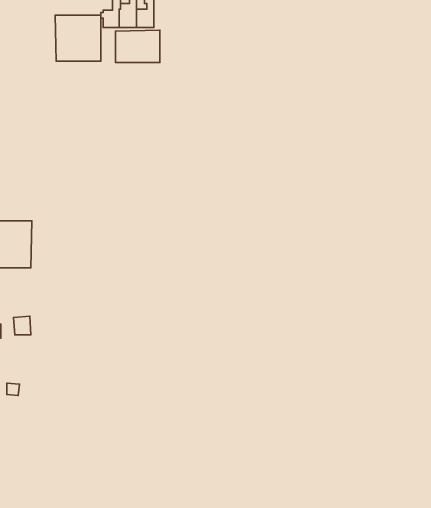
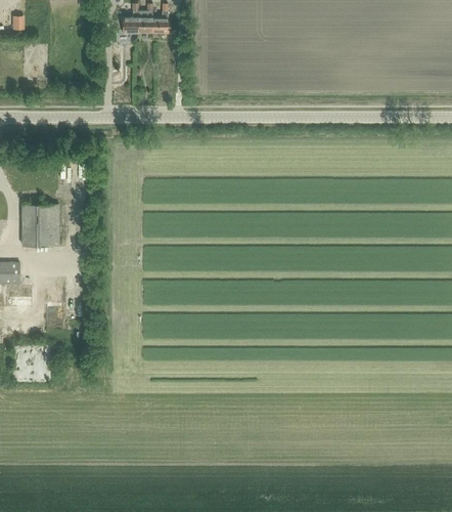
building: [55,15,101,61] -> none
building: [116,30,160,63] -> none

